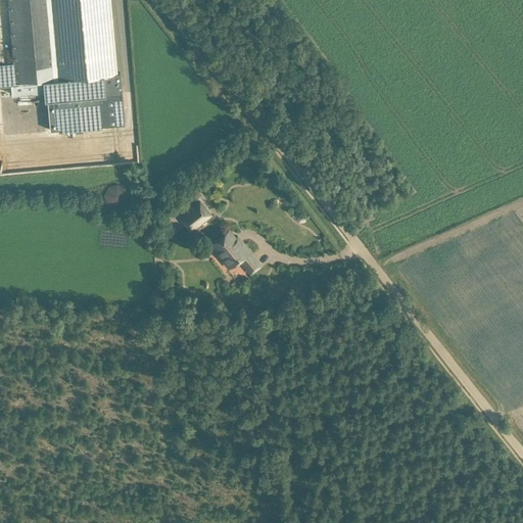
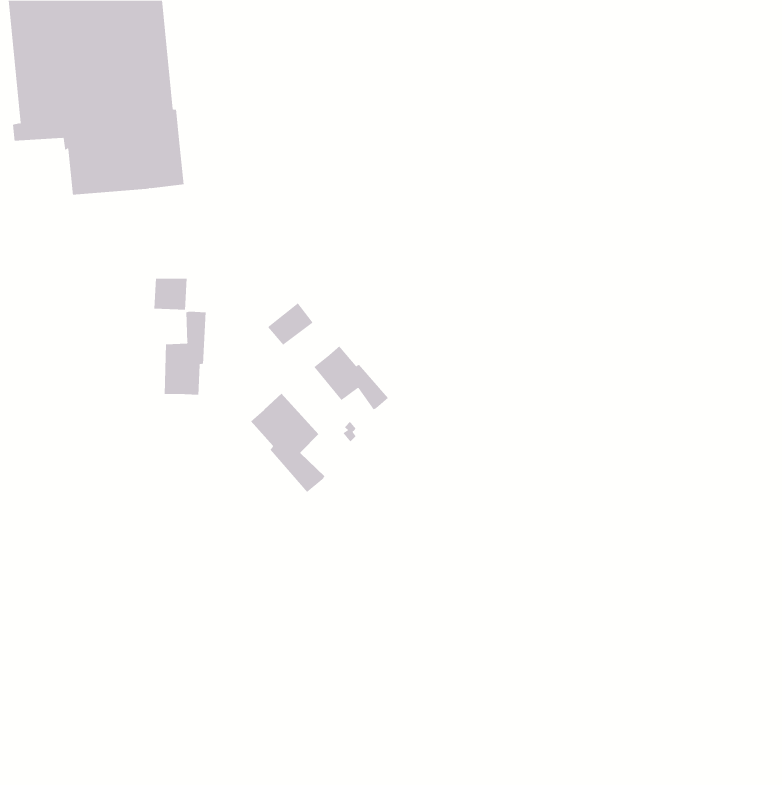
building: none -> [164,311,206,396]
building: none -> [250,393,325,493]

